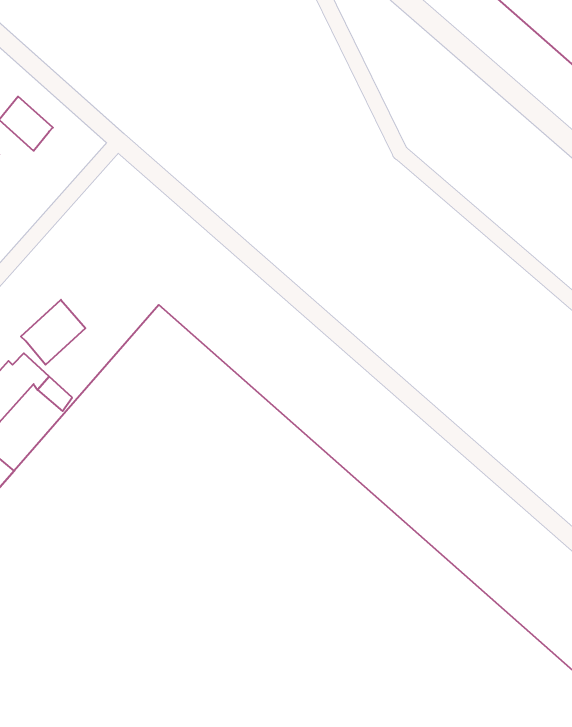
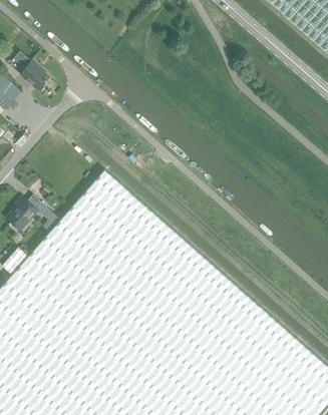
building: [21,300,85,365] -> none

